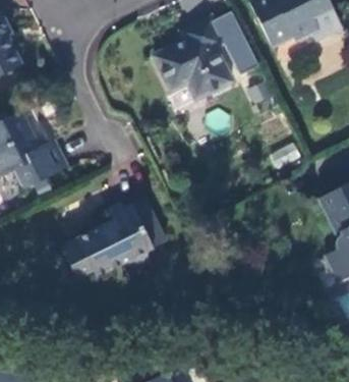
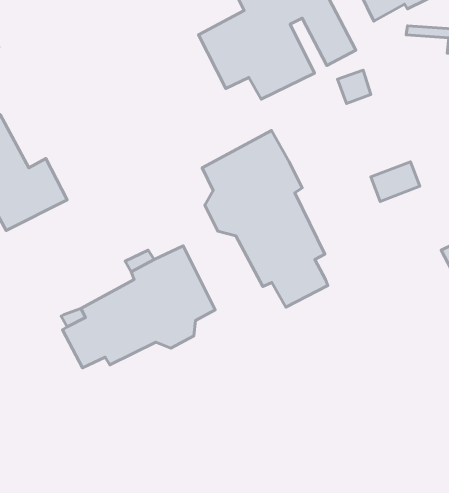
building: none -> [202,131,328,307]

